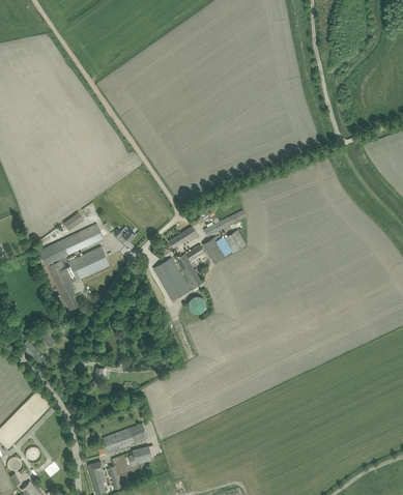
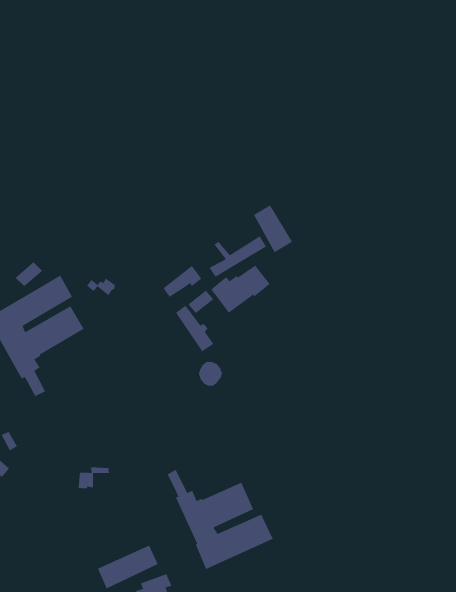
building: none -> [253,205,293,253]
building: [152,257,190,300] -> none
building: none -> [167,469,274,570]

